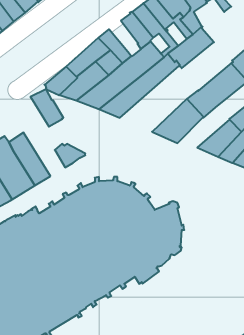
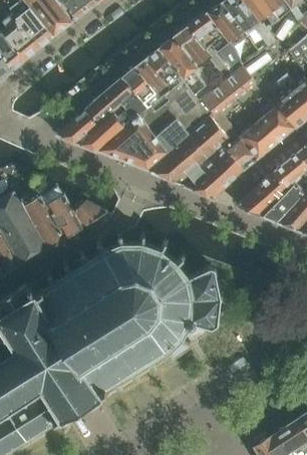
building: none -> [133,58,168,94]
building: none -> [146,110,233,183]
building: [30,89,63,127] -> [45,195,83,238]

